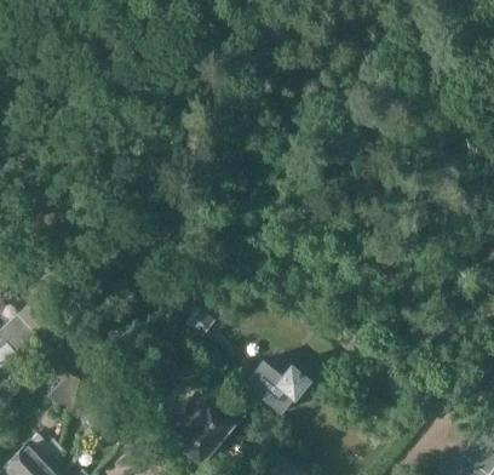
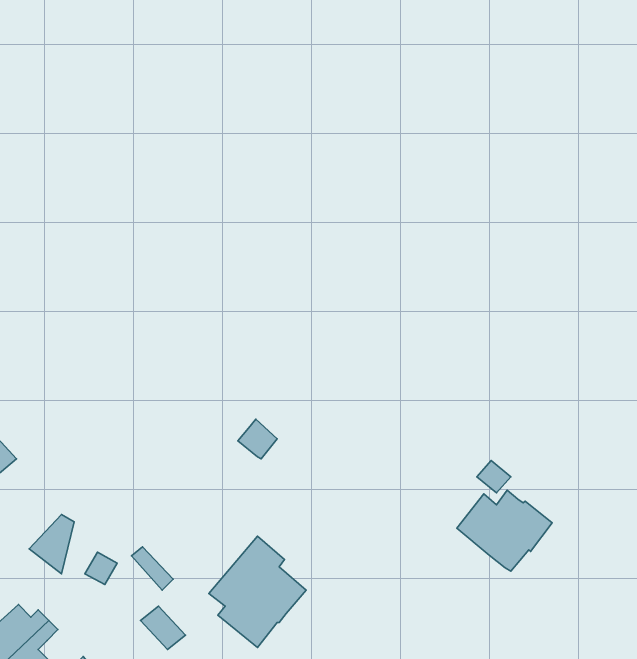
building: [245,359,309,413] -> [457,490,552,571]

